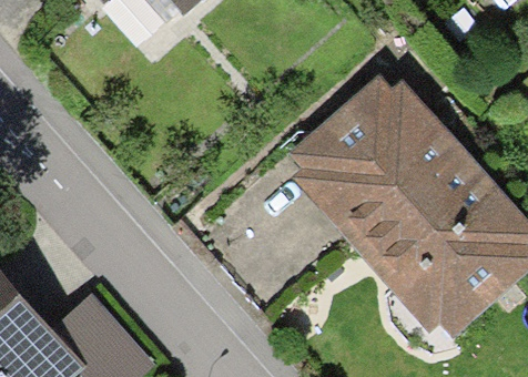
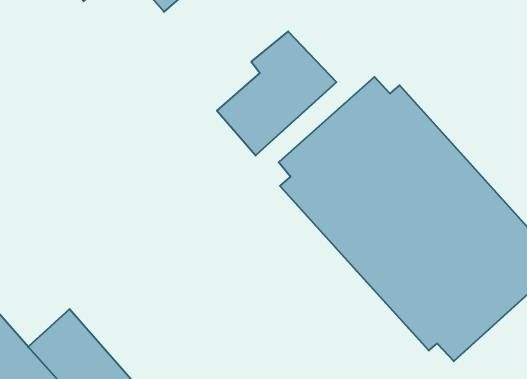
building: none -> [217,31,336,156]

